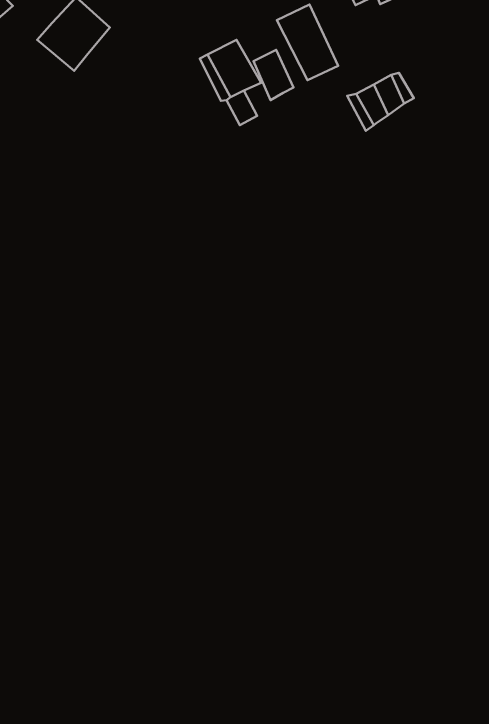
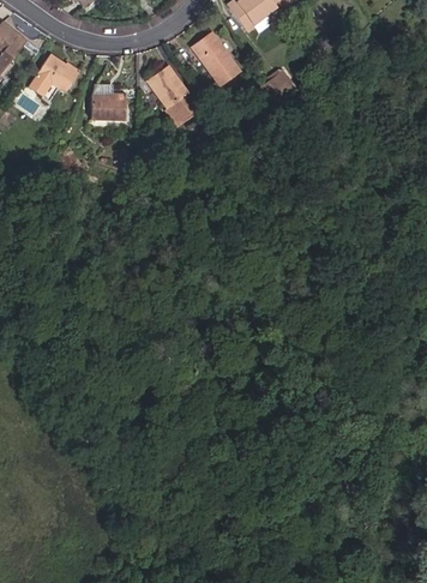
building: [254,50,294,100] -> none
building: none -> [92,97,130,122]

